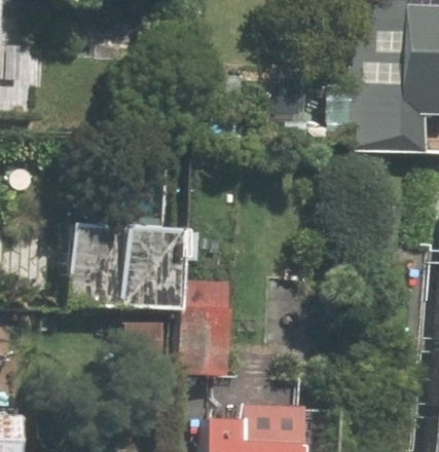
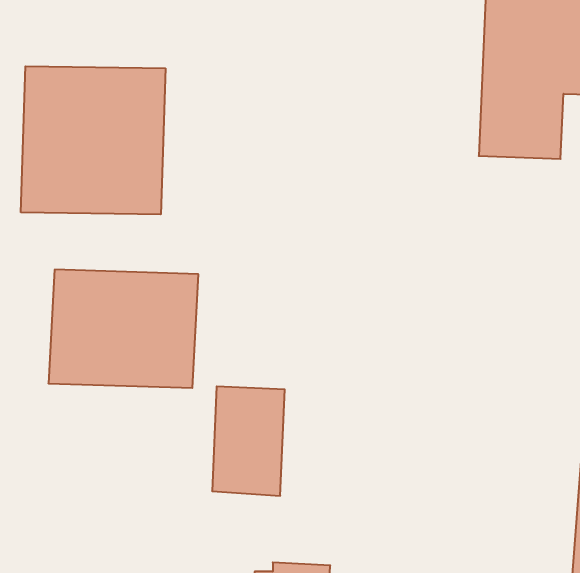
building: none -> [21,66,165,214]

